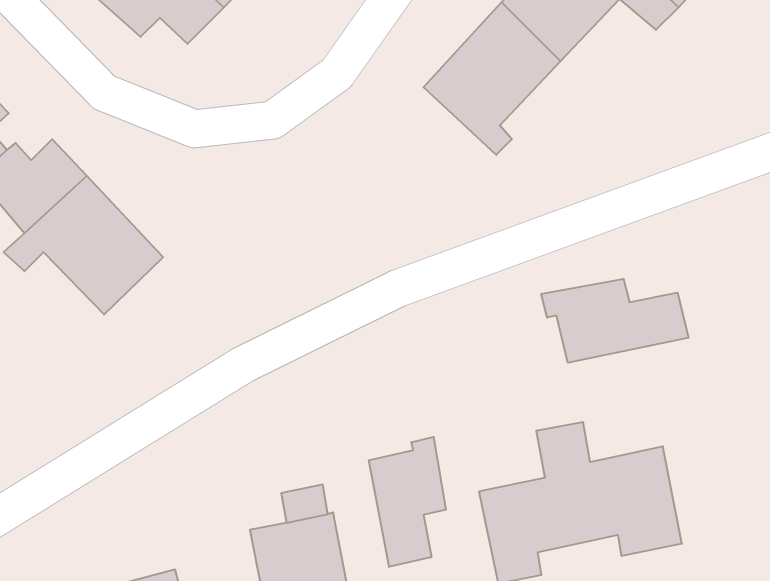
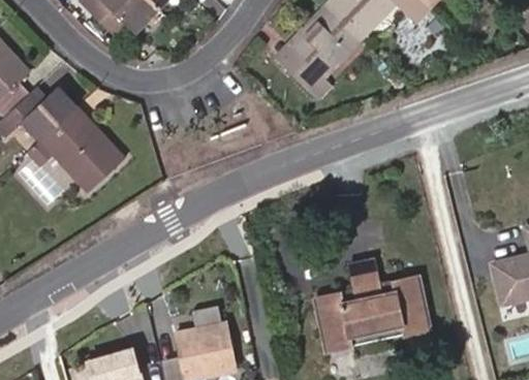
building: [541,279,689,363] -> none
building: [369,437,446,567] -> none

